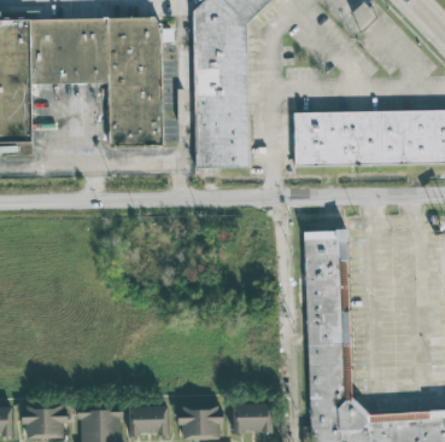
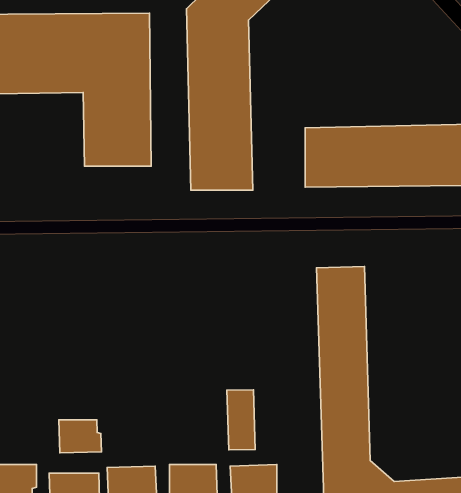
building: none -> [227,390,255,450]
building: none -> [59,420,101,453]

